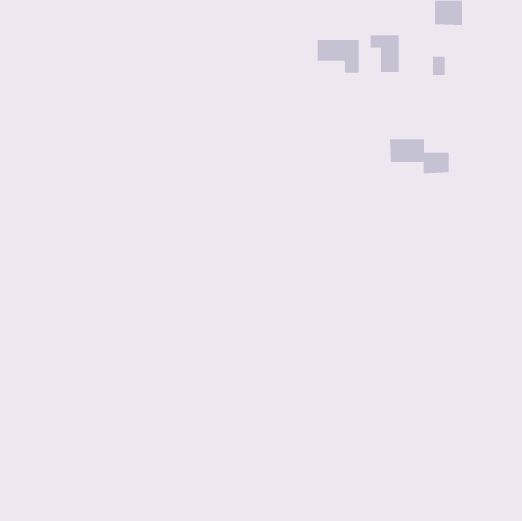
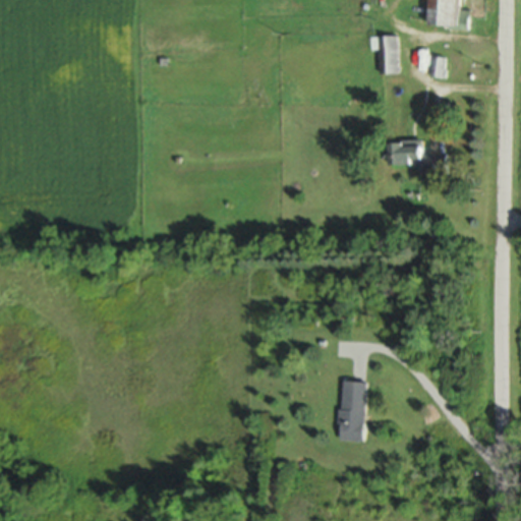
building: [317,39,359,73] -> none
building: none -> [339,381,366,441]

